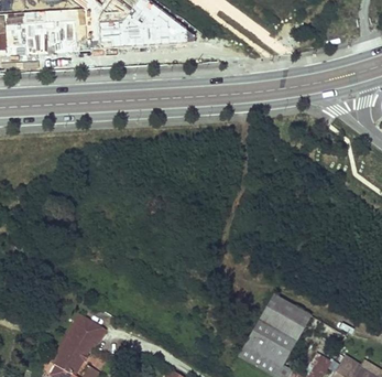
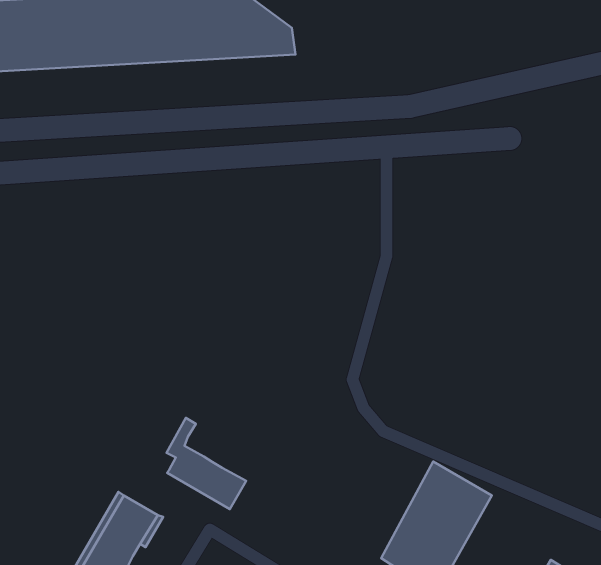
building: none -> [166,418,246,509]

